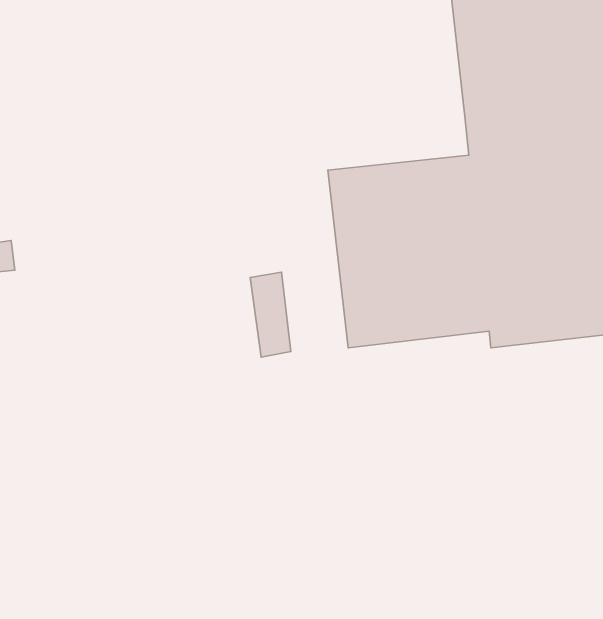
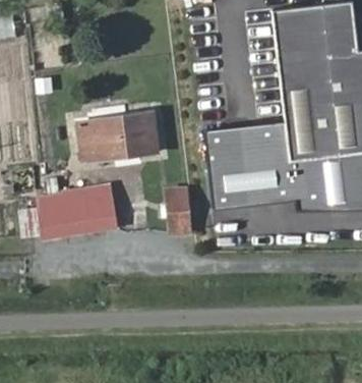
building: none -> [76,112,155,154]
building: none -> [39,184,113,234]

